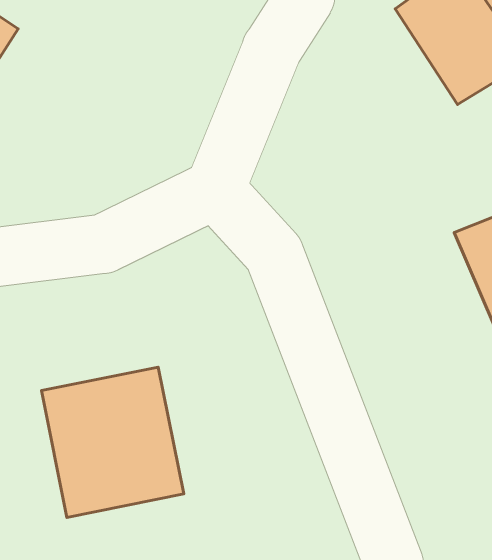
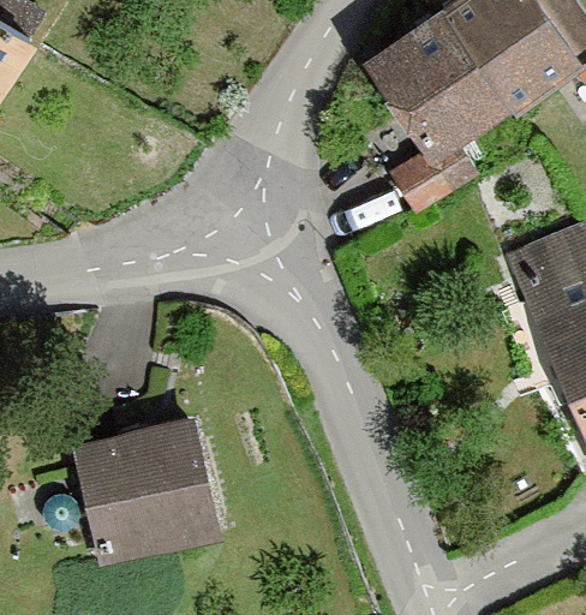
building: none -> [363,13,510,216]

